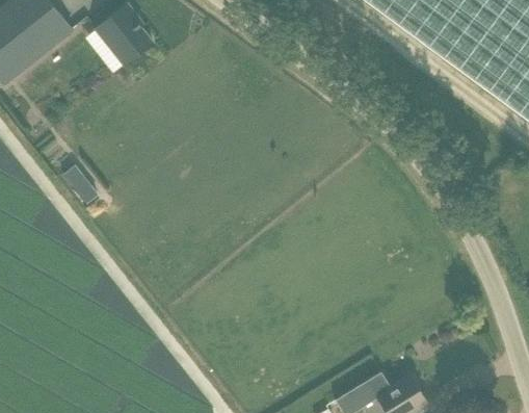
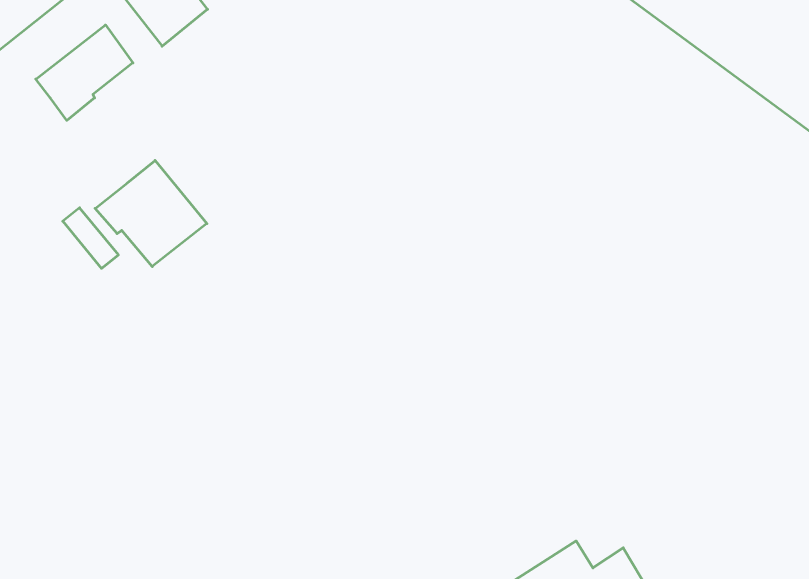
building: none -> [36,25,133,120]
building: none -> [95,160,207,267]

